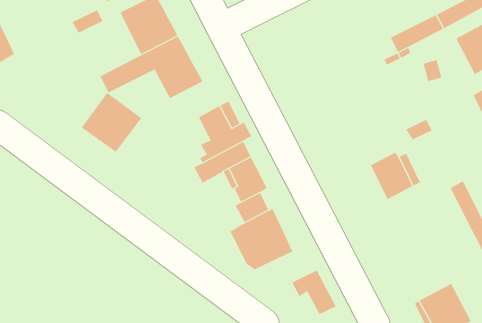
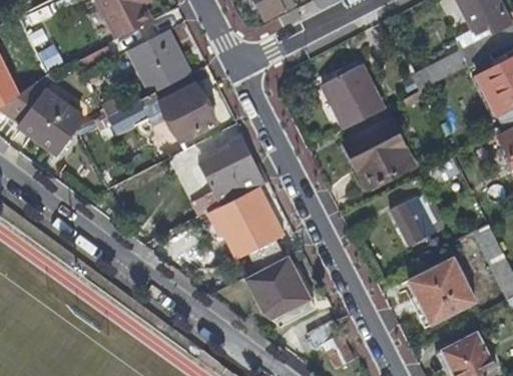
building: none -> [322,65,384,129]
building: none -> [347,120,413,187]
building: [81,92,142,153] -> [19,90,83,153]
building: none -> [407,258,474,324]

